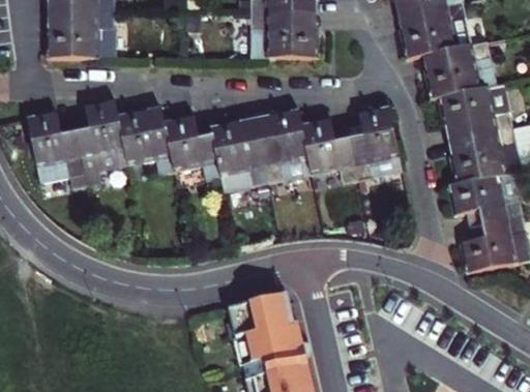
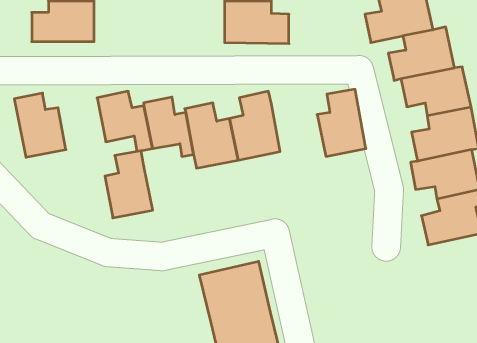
building: [76,99,126,171] -> [105,151,153,218]
building: [302,117,360,181] -> none

